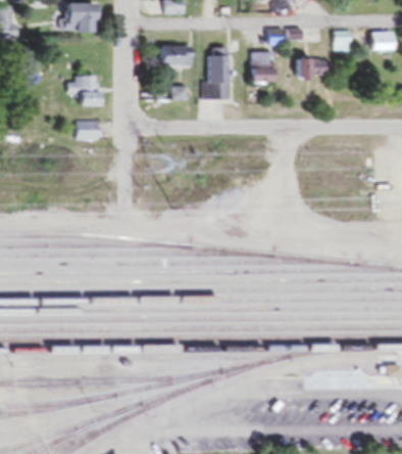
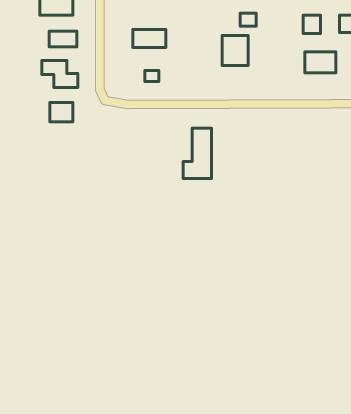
building: none -> [49,31,77,47]
building: [202,48,231,99] -> [183,128,211,178]
building: [297,58,329,80] -> [305,52,336,73]

